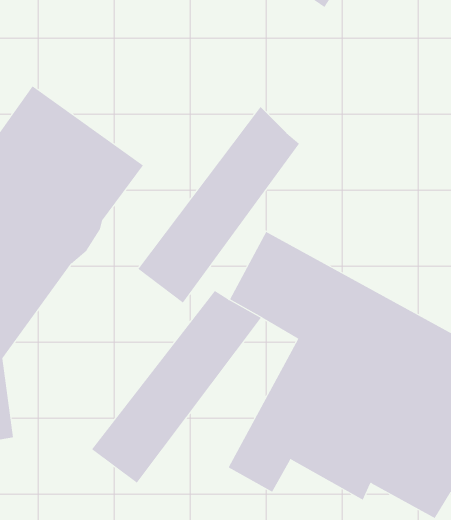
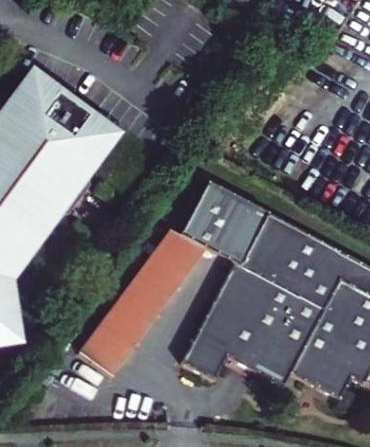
building: [138,106,300,304] -> none

